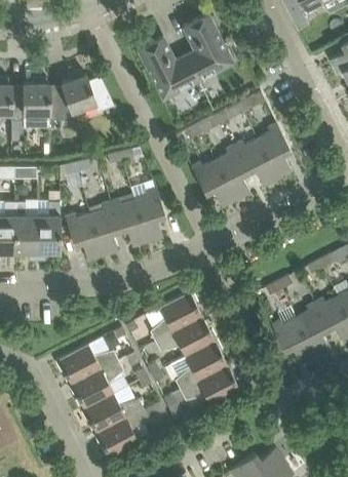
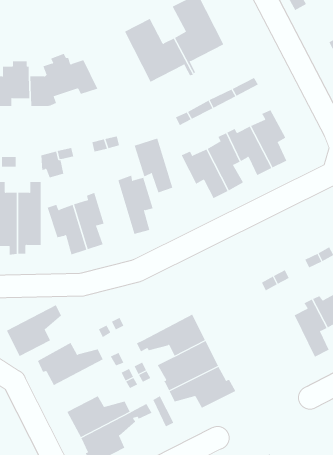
building: [109,194,146,246] -> [134,138,173,193]
building: [144,289,201,341] -> none
building: [272,317,316,364] -> none
building: [70,359,122,408] -> [6,305,62,357]

